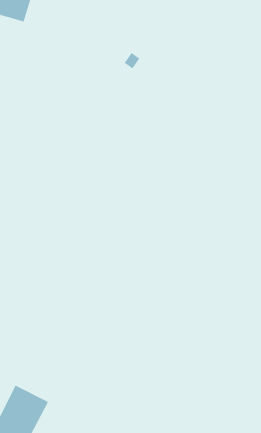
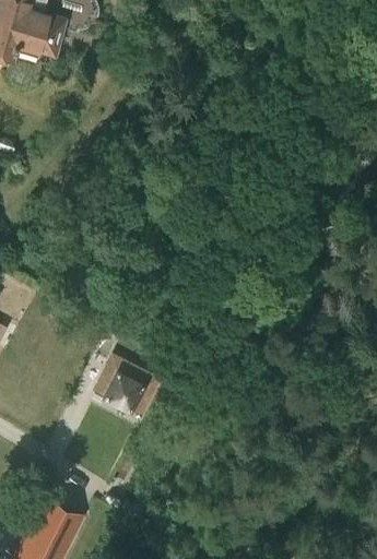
building: none -> [101,355,158,415]

